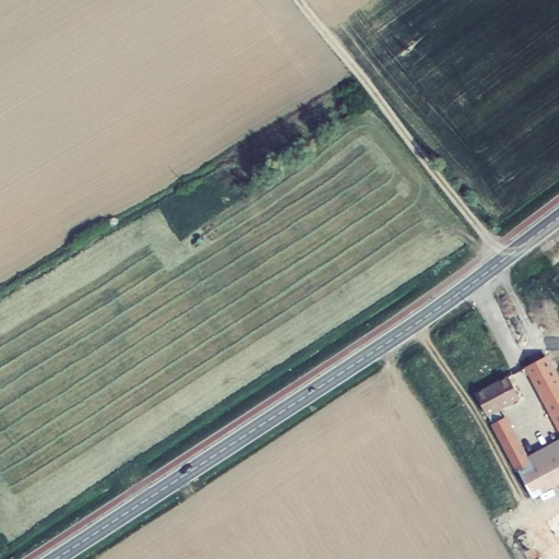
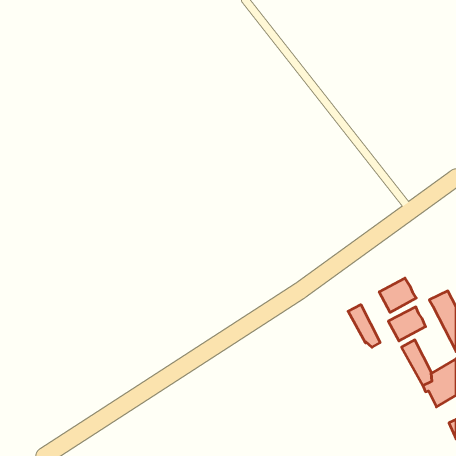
building: none -> [379,278,416,312]
building: none -> [348,305,380,347]

